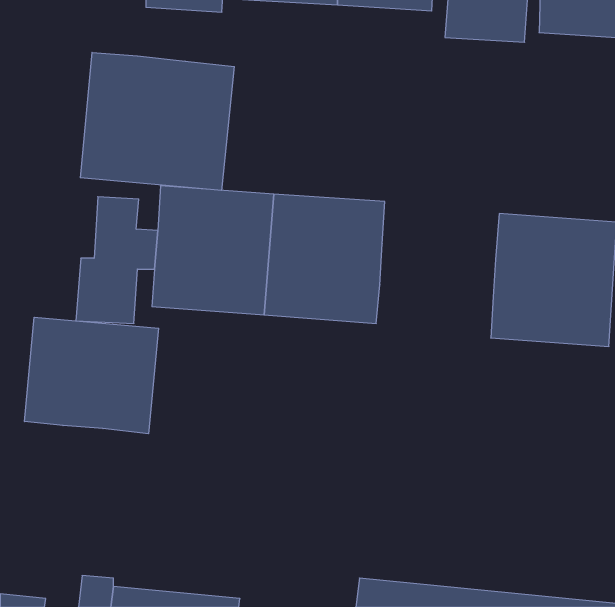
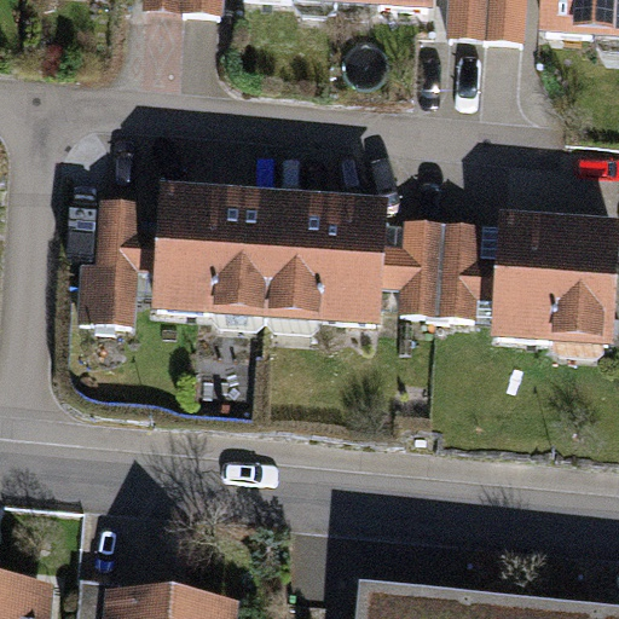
building: [80,52,234,190] -> none
building: none -> [382,218,498,318]
building: [25,317,159,434] -> none

